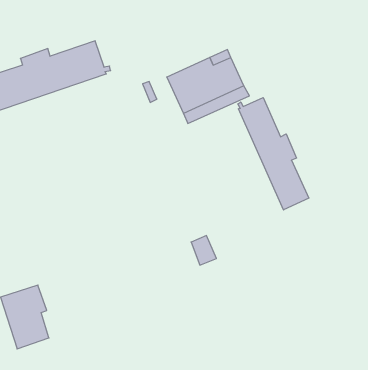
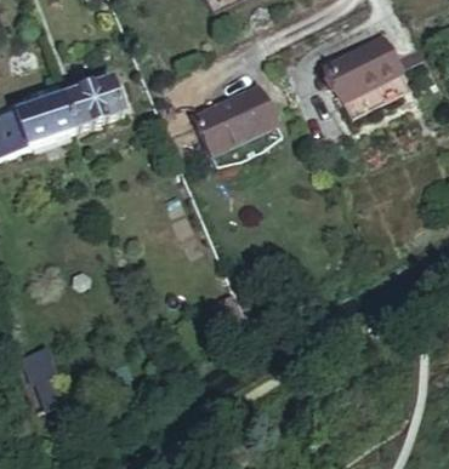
building: none -> [326,41,403,105]
building: [238,98,309,210] -> none

